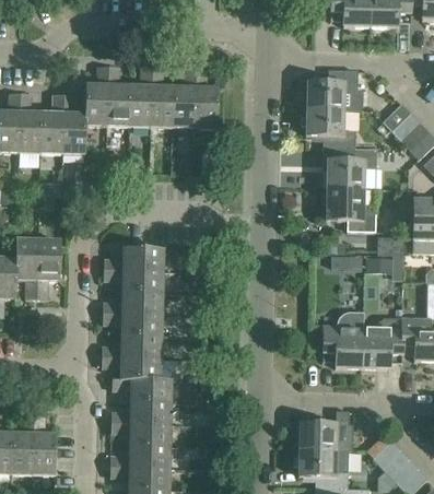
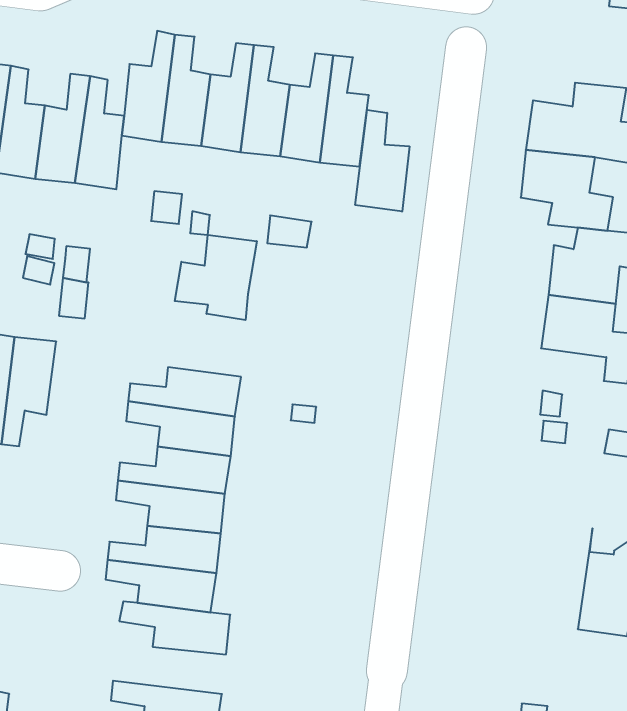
building: none -> [355,110,409,212]
building: none -> [175,235,257,320]
building: [322,311,364,367] -> none
building: [112,401,172,423] -> none

